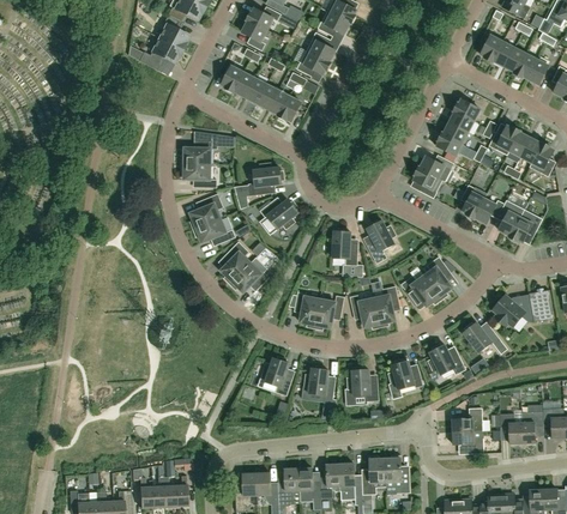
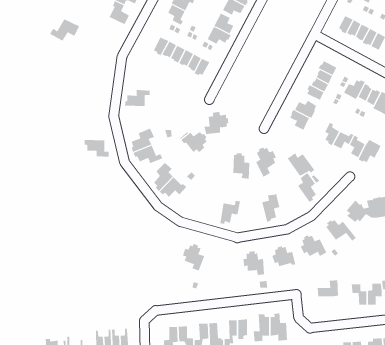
building: [138,38,181,71] -> [49,19,80,42]
building: [180,163,216,188] -> [84,139,109,157]
building: [247,163,283,195] -> [204,112,229,135]
building: [400,276,440,309] -> [287,153,315,177]
building: [294,292,319,328] -> none
building: [349,295,380,328] -> none
building: [303,365,334,399] -> none
building: [452,430,483,454] -> none

